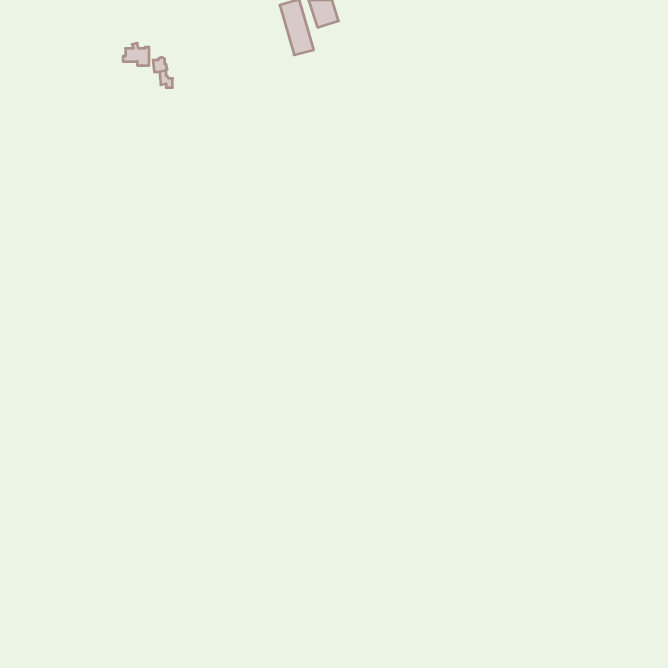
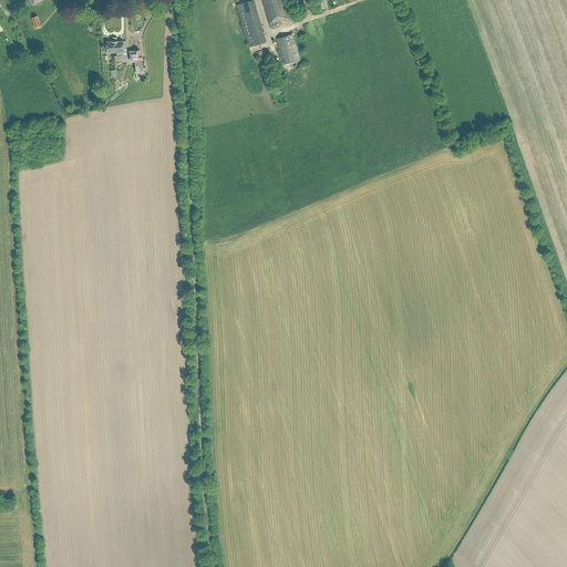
building: none -> [276,33,299,64]

